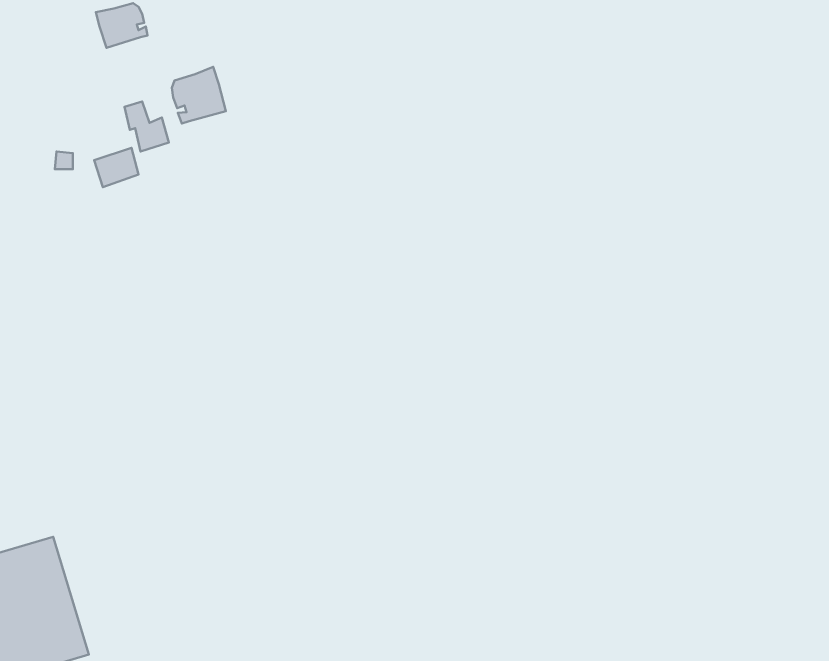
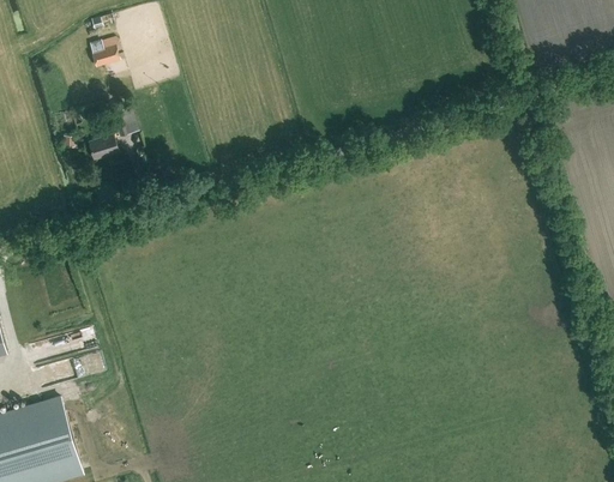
building: [172,67,226,124] -> none

